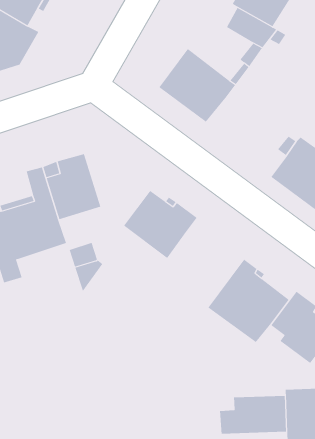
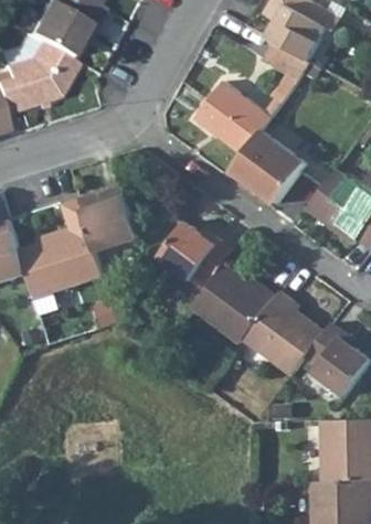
building: none -> [231,131,305,203]
building: none -> [190,264,275,344]
building: [219,395,286,435] -> none

